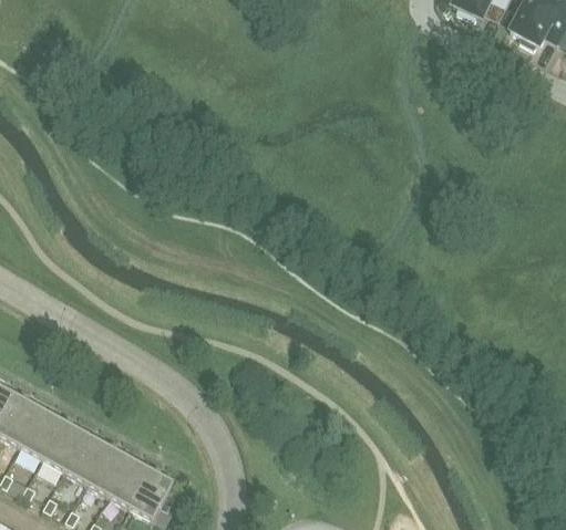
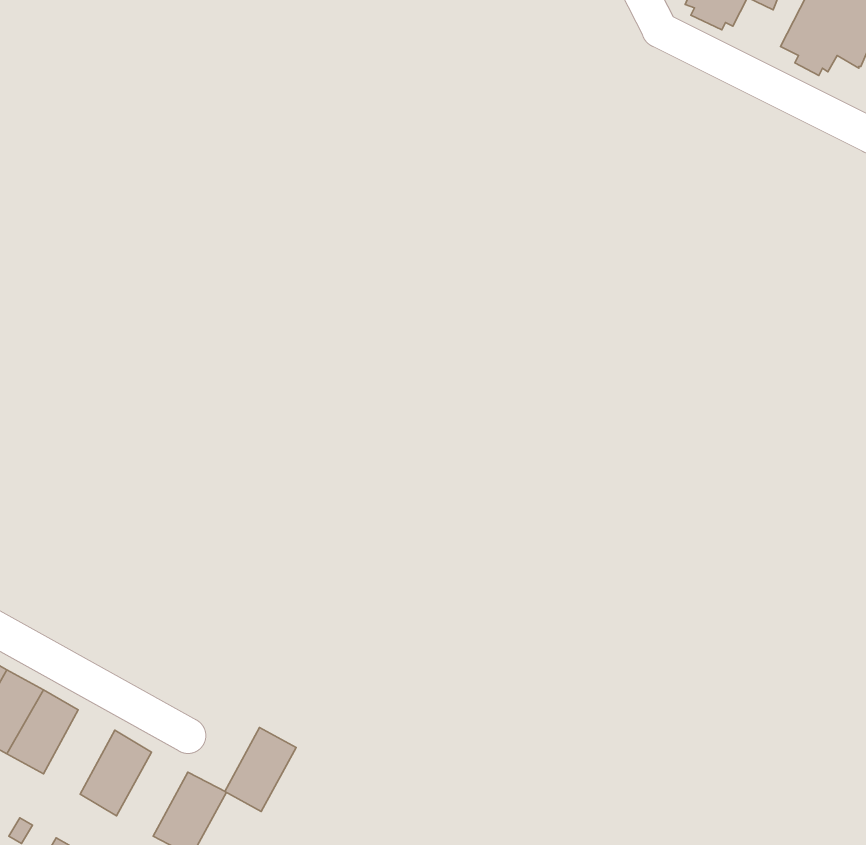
building: [63,430,106,481] -> none
building: [107,456,151,507] -> [225,727,296,811]

